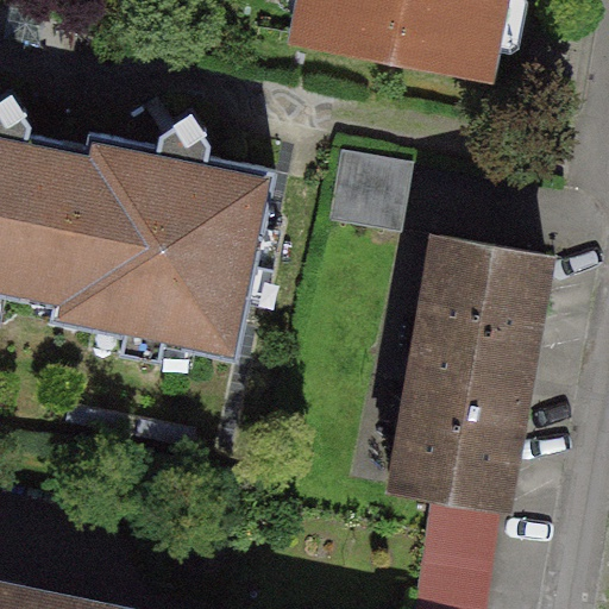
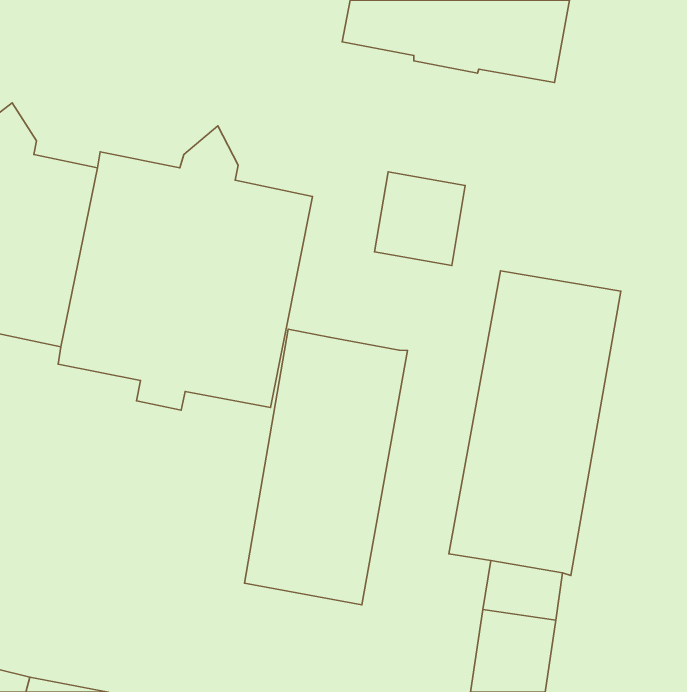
building: none -> [244,329,407,605]

